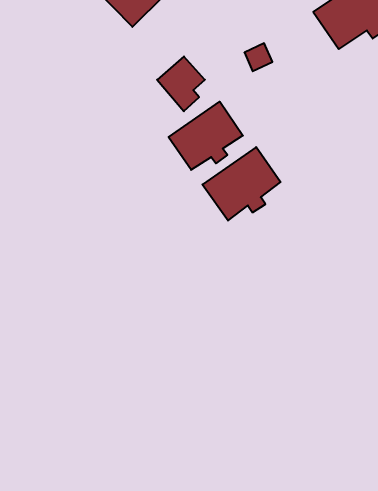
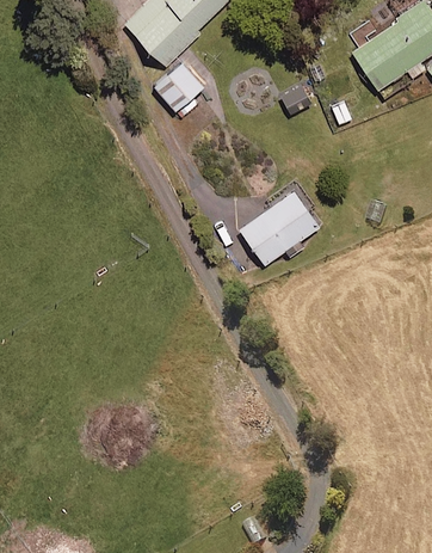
building: [157,56,205,111] -> [154,62,203,118]
building: [169,102,243,170] -> none

